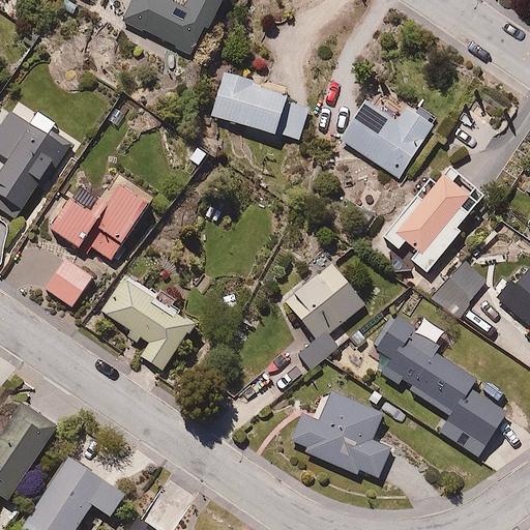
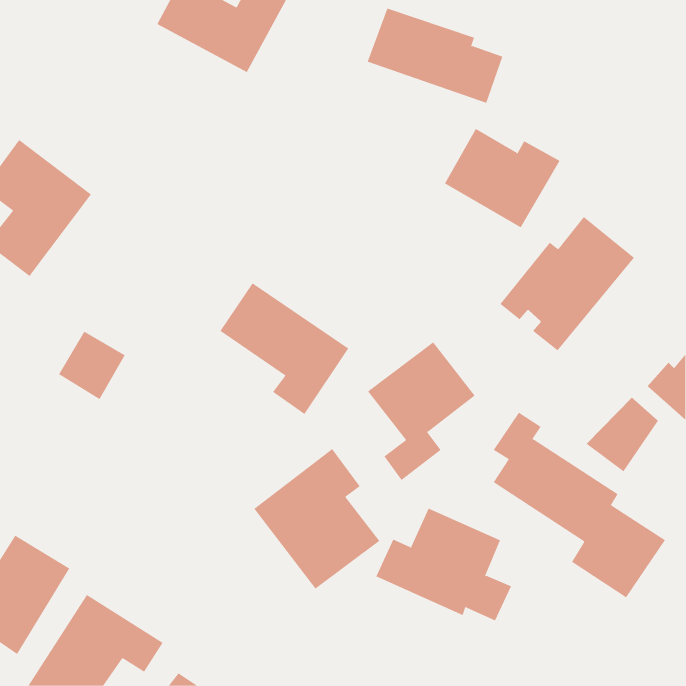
building: [205,68,310,142] -> [367,8,503,104]
building: [51,180,150,259] -> none
building: [428,258,483,316] -> [586,397,659,472]
building: [95,271,195,373] -> [220,282,349,415]
building: none -> [254,448,380,589]

